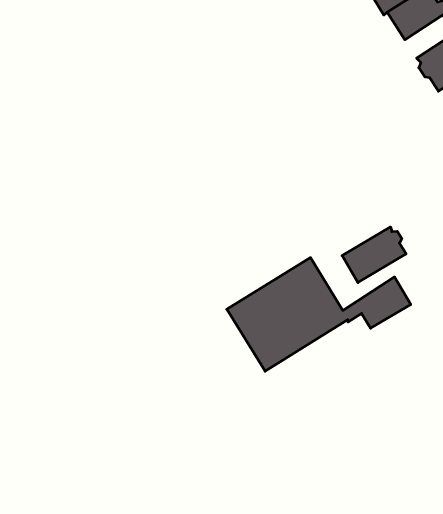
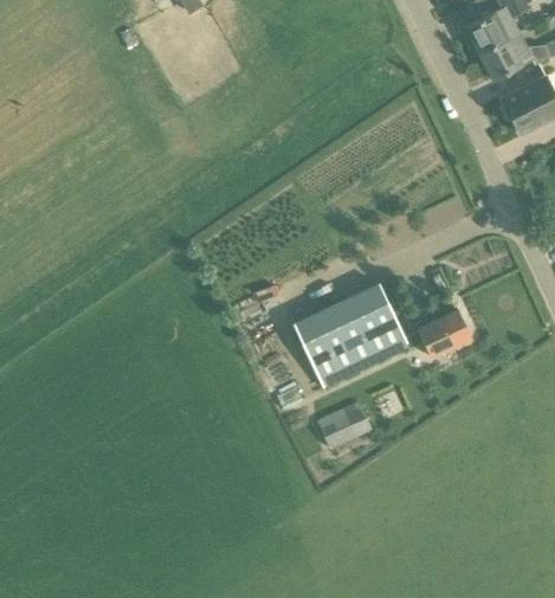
building: [342,227,406,283] -> none
building: none -> [317,403,372,448]

